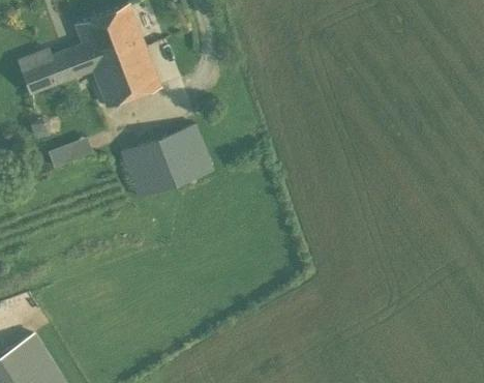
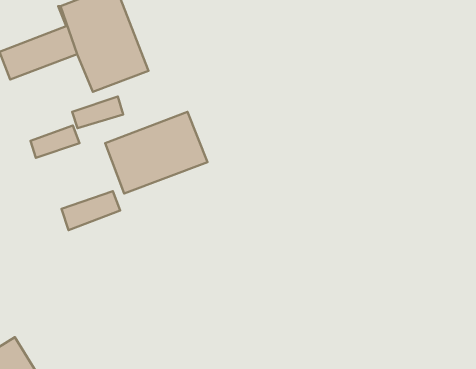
building: none -> [72,97,123,128]
building: none -> [61,191,120,230]

